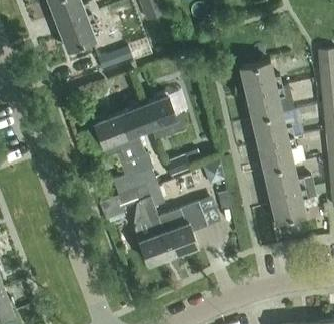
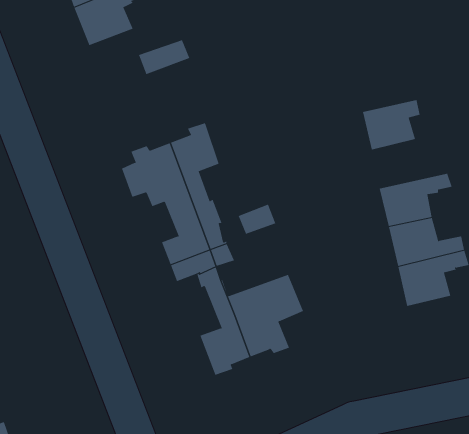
building: [240,63,282,96] -> none
building: [144,94,187,141] -> none
building: [252,114,302,146] -> none

